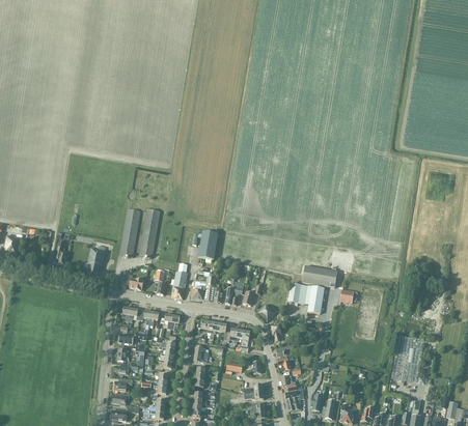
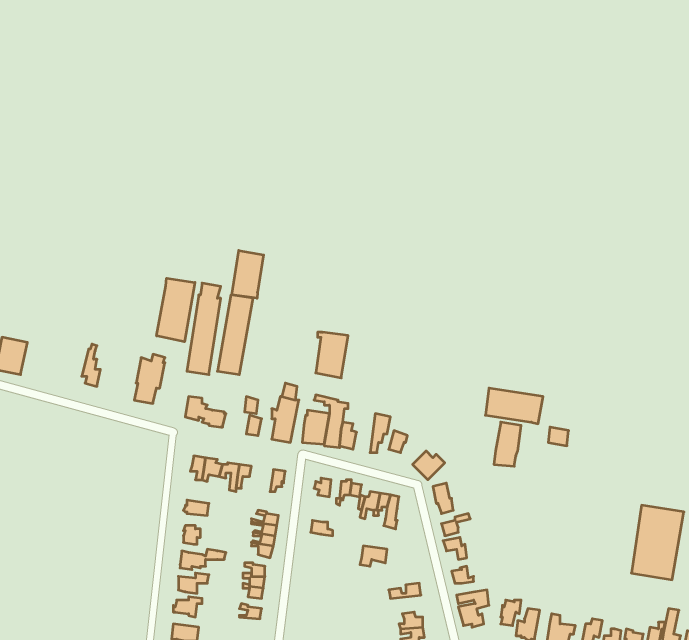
building: none -> [232,250,264,298]
building: none -> [157,278,195,342]
building: [288,282,312,305] -> none

